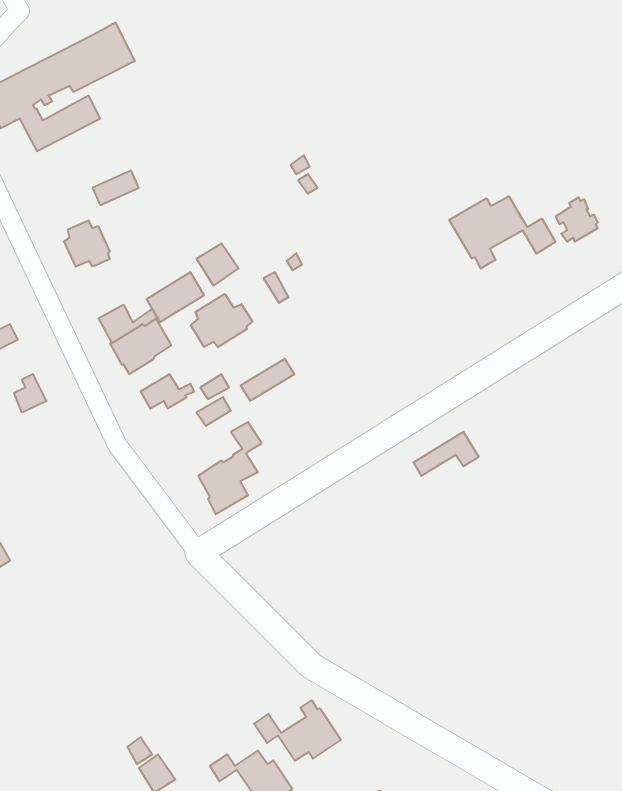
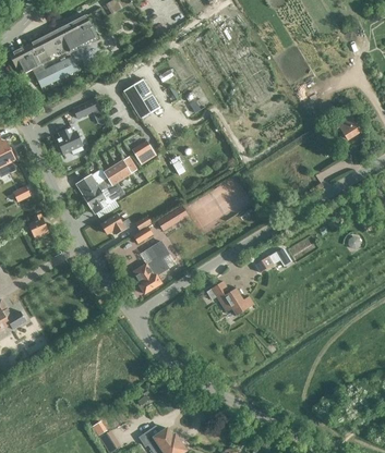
building: none -> [123,78,160,119]
building: [449,196,555,269] -> none
building: [191,294,253,347] -> none
building: none -> [206,281,253,315]
building: [254,700,341,761] -> none

